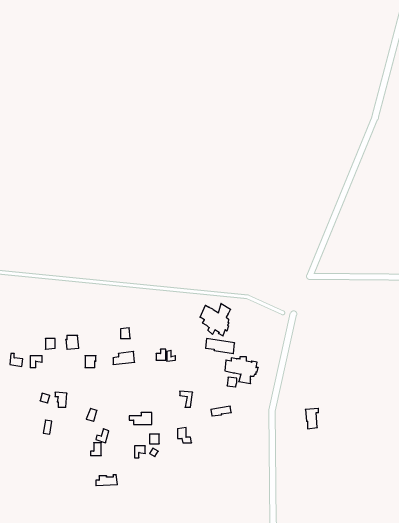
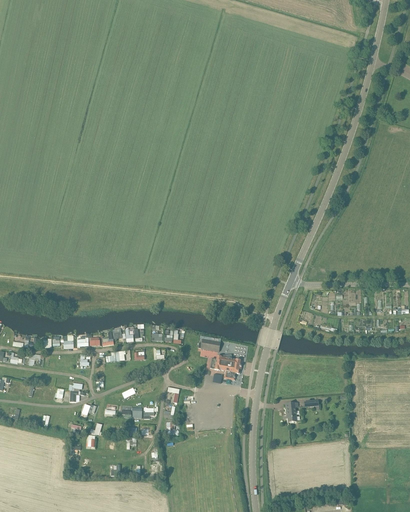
building: [200,303,231,336] -> none

